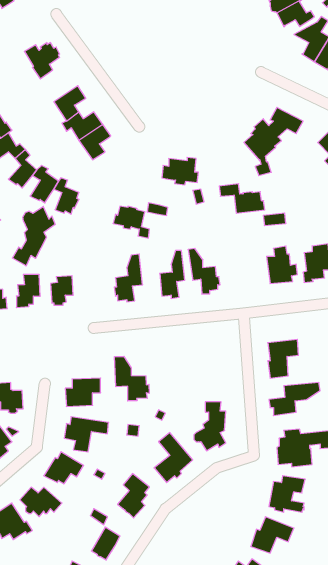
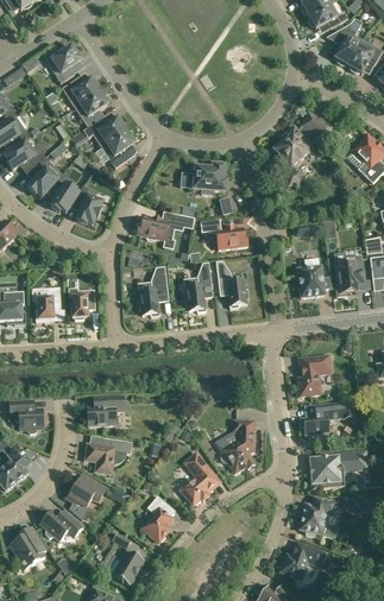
building: none -> [62,77,100,107]
building: [219,184,265,213] -> [200,219,247,249]
building: [12,206,55,266] -> none
building: [115,356,149,401] -> none

